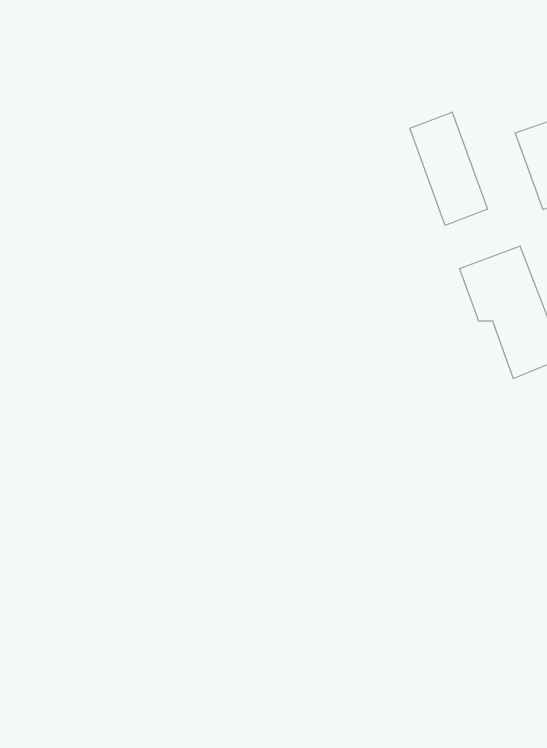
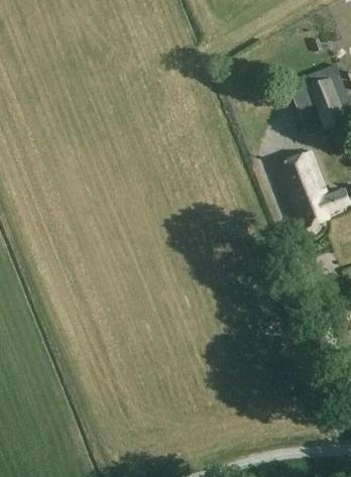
building: [410,112,487,225] -> none

